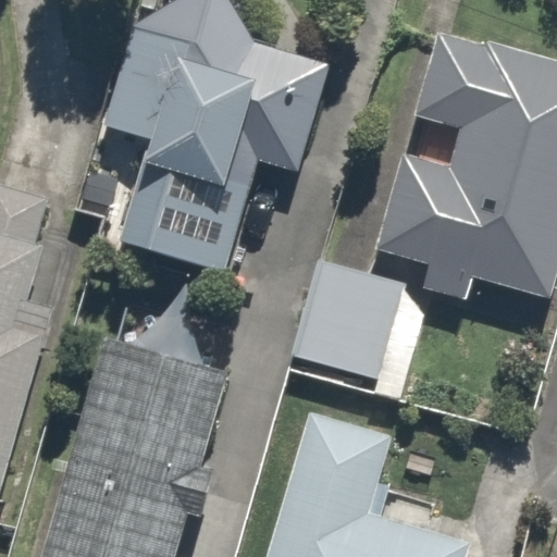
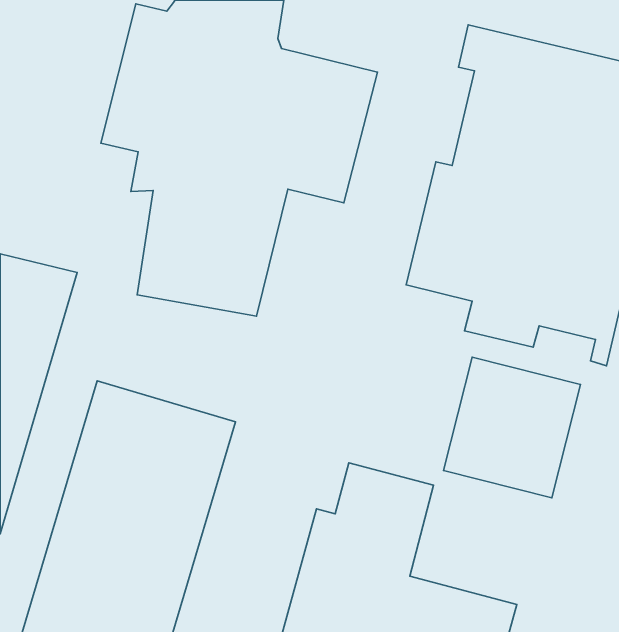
building: [293,261,412,384] -> [443,357,580,498]

